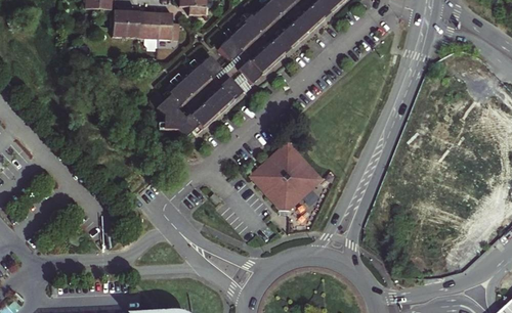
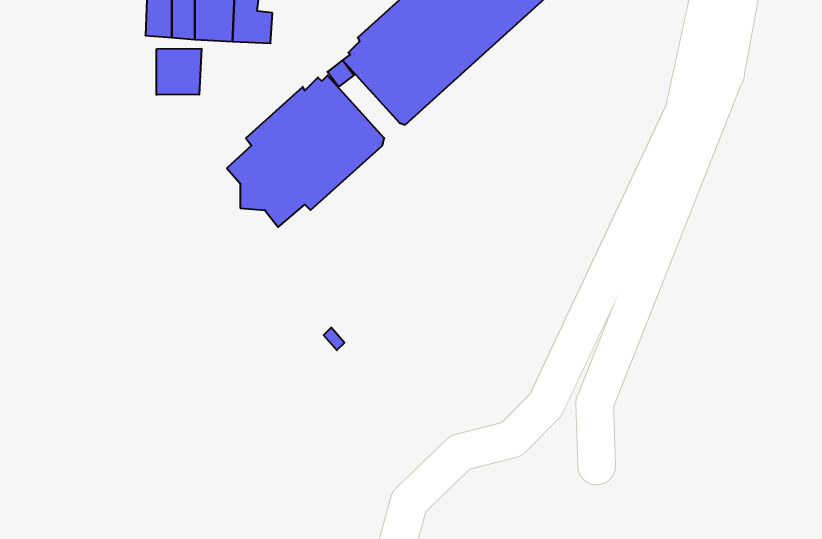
building: none -> [157,49,201,95]
building: [248,140,323,211] -> none

